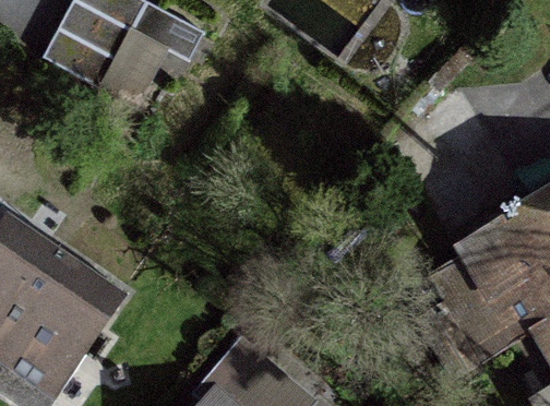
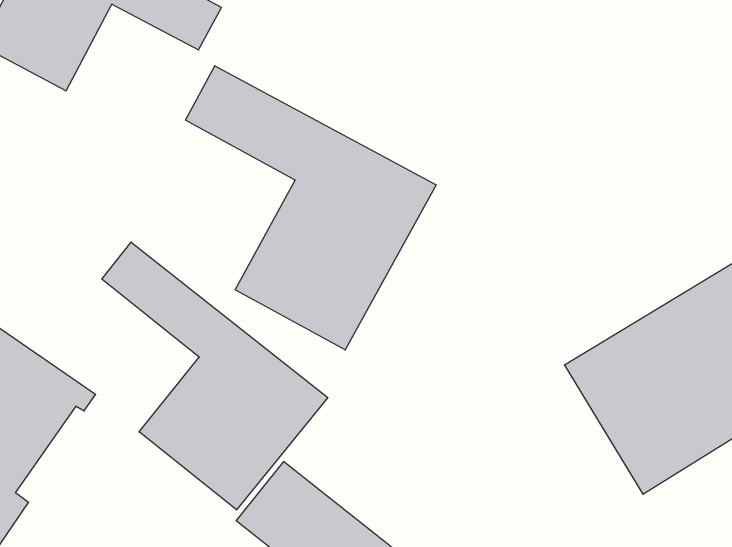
building: none -> [186,66,436,350]
building: none -> [102,242,328,510]

